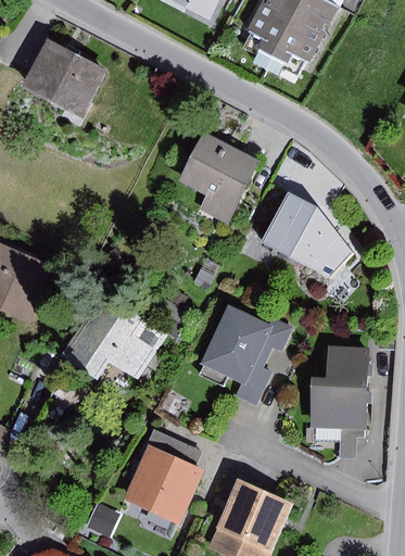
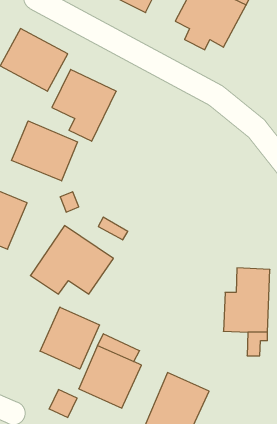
building: [177,131,260,224] -> [52,69,116,141]
building: none -> [12,121,78,181]
building: [261,191,353,279] -> none
building: [198,303,292,406] -> none
building: none -> [40,307,99,369]

